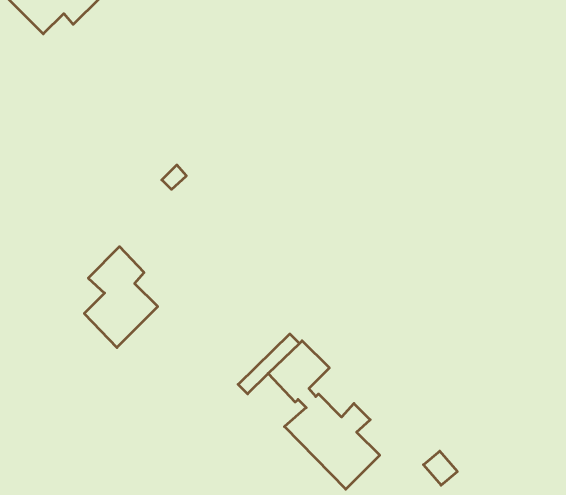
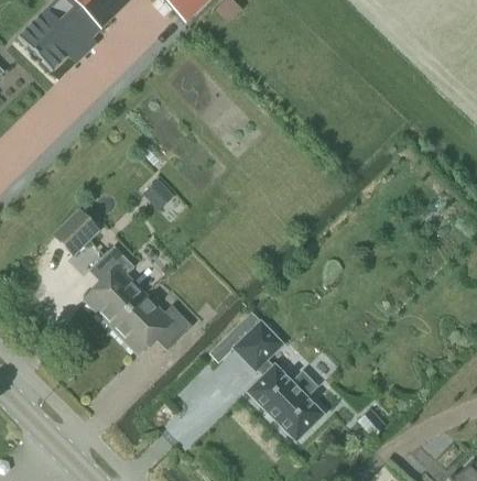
building: none -> [53,208,100,255]
building: none -> [111,293,192,353]

